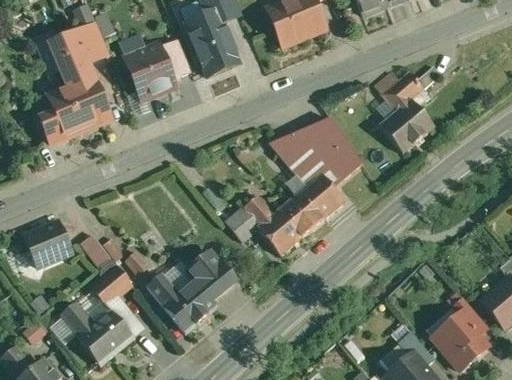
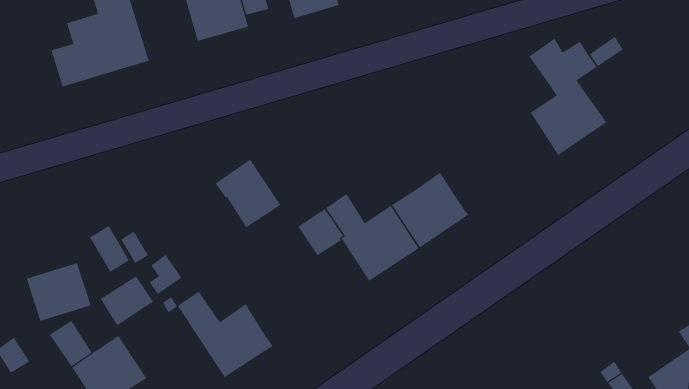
building: [268,117,361,188] -> none
building: [23,222,71,266] -> [26,262,91,321]
building: [186,251,234,300] -> [215,159,281,228]

